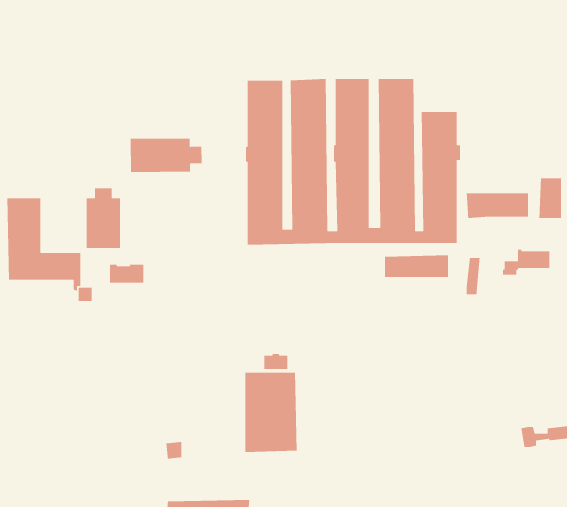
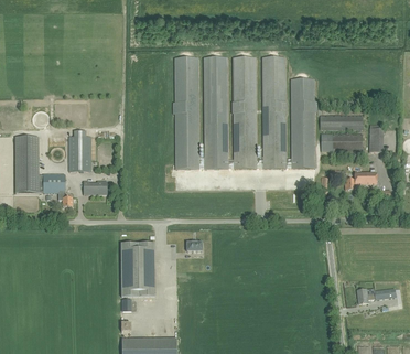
building: [130,138,202,173] -> none
building: [384,255,449,278] -> [319,114,362,129]
building: [244,372,298,453] -> [120,243,155,297]

